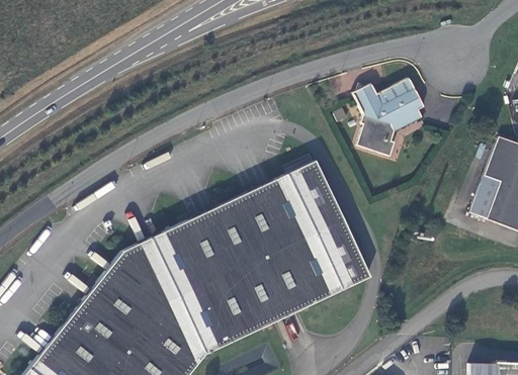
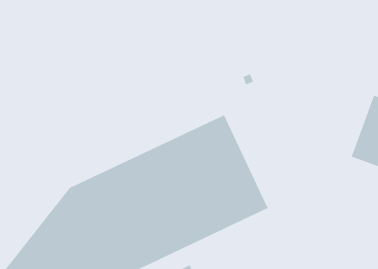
building: [354,78,425,156] -> none

